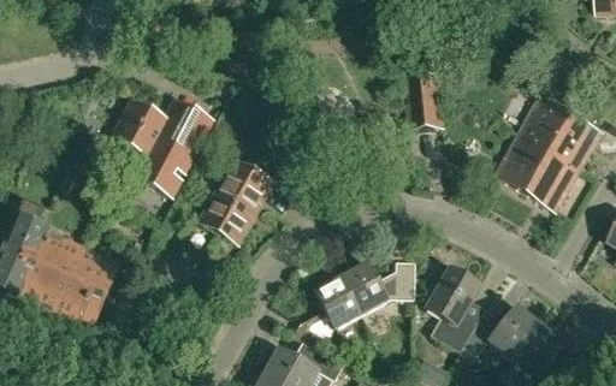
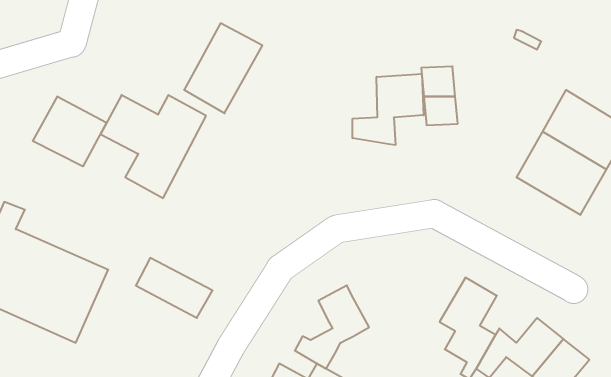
building: none -> [353,74,424,145]
building: none -> [33,96,107,166]
building: [200,161,272,244] -> [184,23,262,113]
building: [340,262,415,315] -> none

